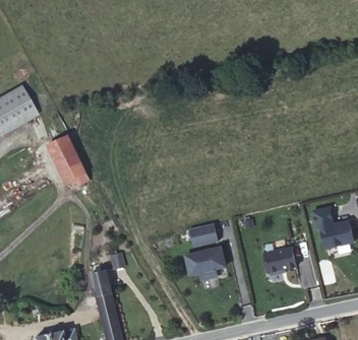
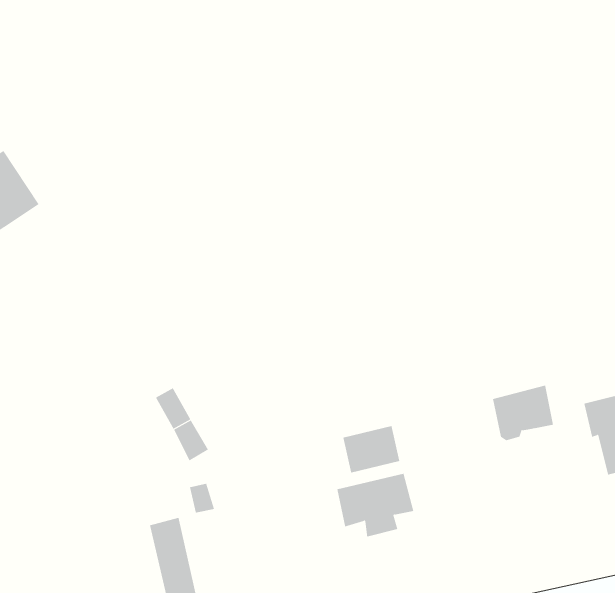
building: [49,136,90,188] -> none
building: [264,248,296,276] -> [492,385,554,441]

